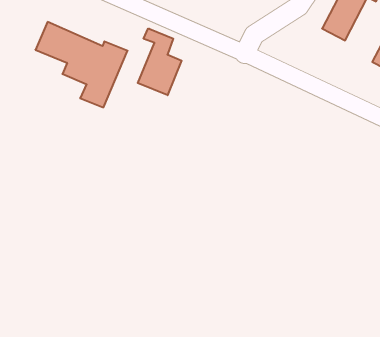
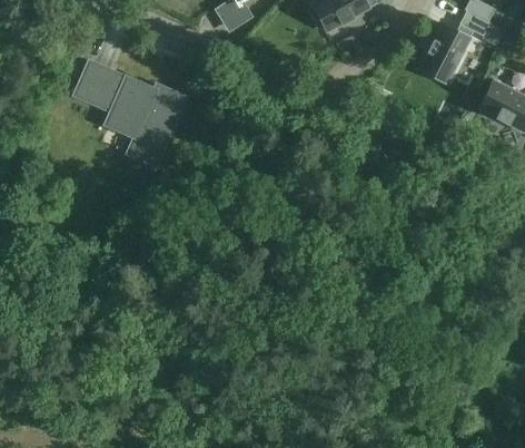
building: [138,29,182,95] -> none

